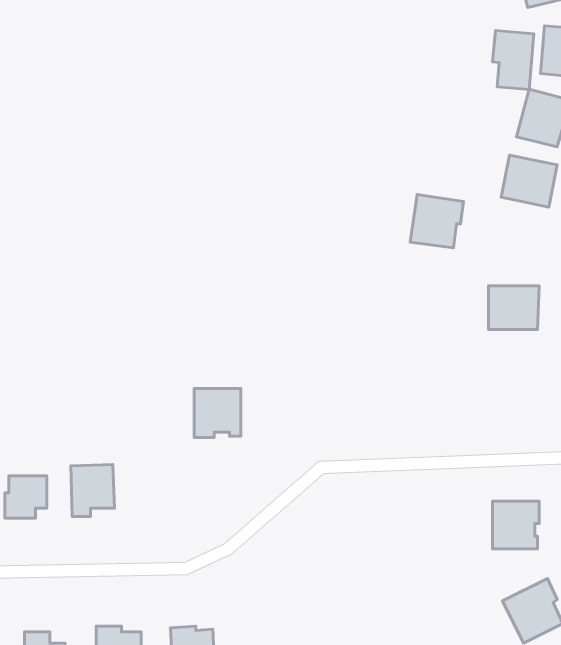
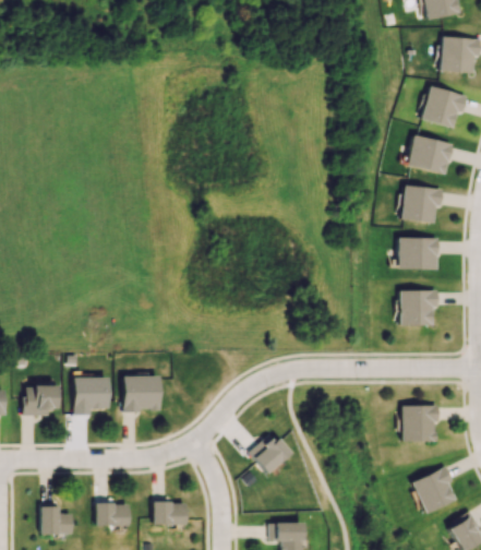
building: [493,30,534,90] -> none
building: [410,194,463,248] -> [401,183,443,225]
building: none -> [400,289,438,326]
building: [194,388,241,438] -> [124,375,160,414]
building: none -> [249,434,290,473]

